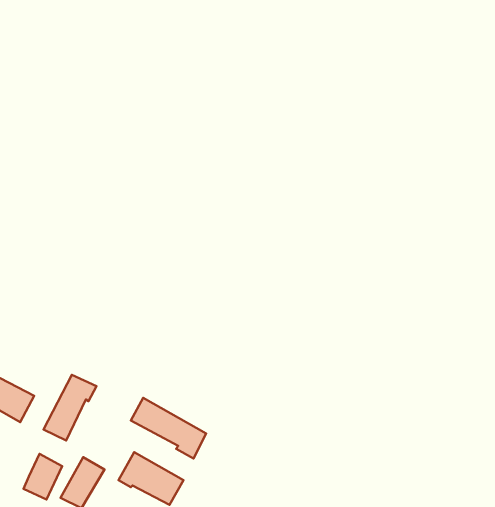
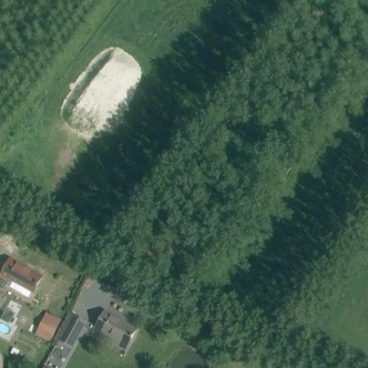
building: [44,375,96,441] -> none
building: [131,398,206,459] -> none

